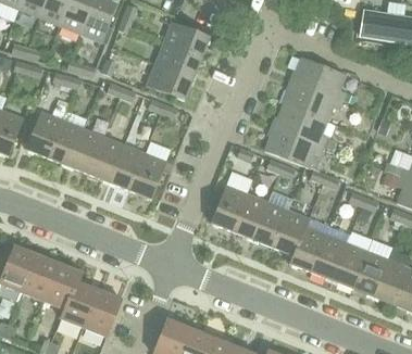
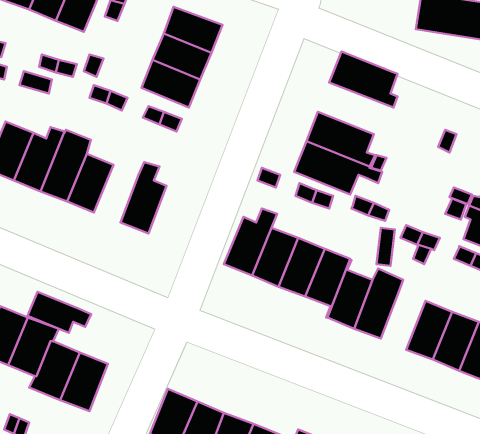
building: [283,80,341,121] -> none
building: [109,144,143,189] -> none
building: [332,242,366,288] -> none
building: none -> [27,292,91,333]

